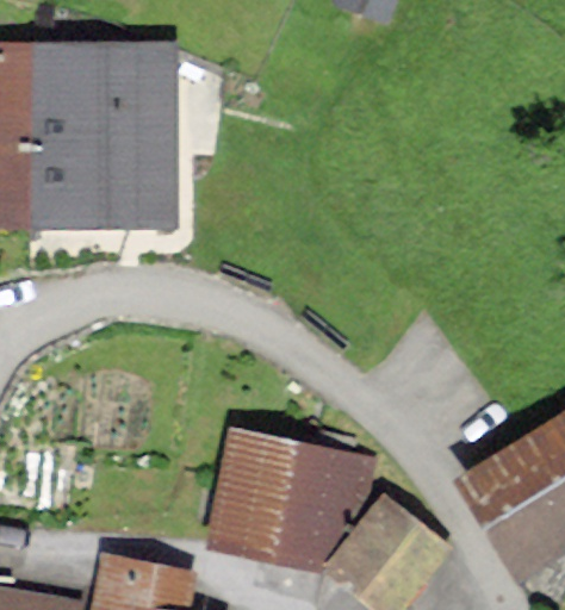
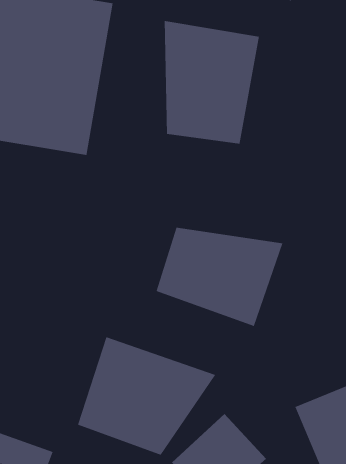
building: none -> [164,20,259,144]
building: none -> [156,227,283,327]

